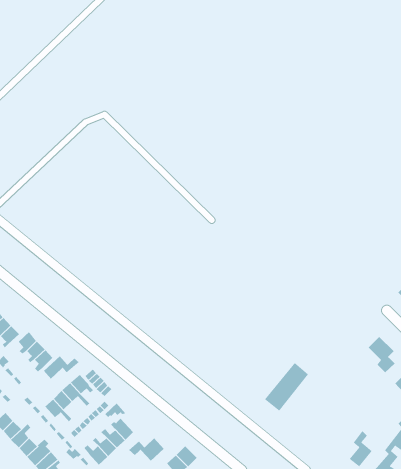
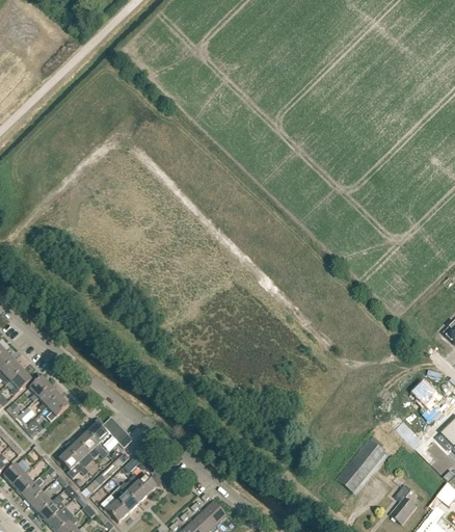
building: [43,356,80,379] -> none
building: [264,362,309,412] -> [336,437,384,491]
building: [128,438,165,462] -> none

